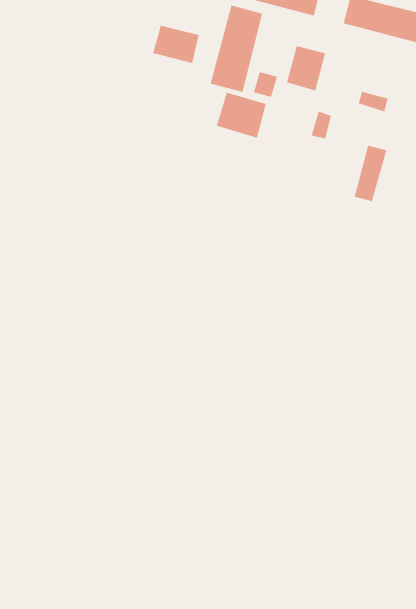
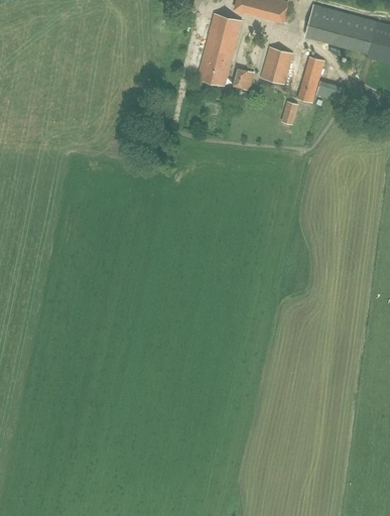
building: [153,25,199,64] -> none
building: [216,92,266,138] -> none
building: [354,145,387,202] -> [297,56,324,103]

